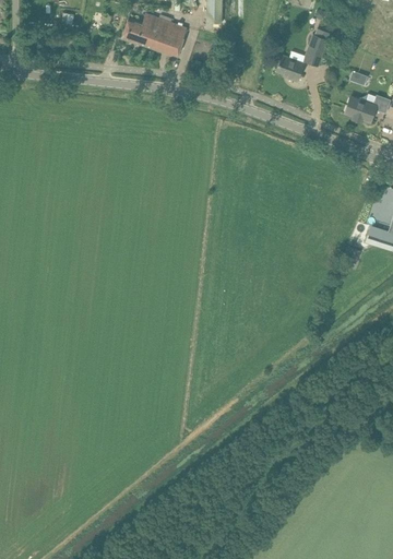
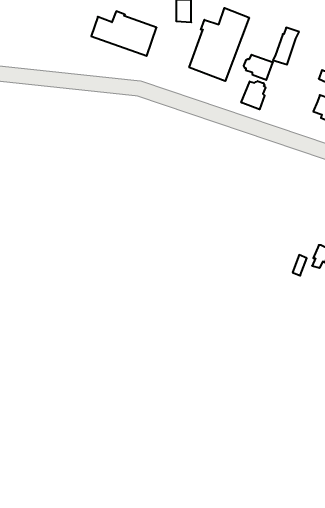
building: none -> [189,8,249,81]
building: none -> [241,81,266,109]

